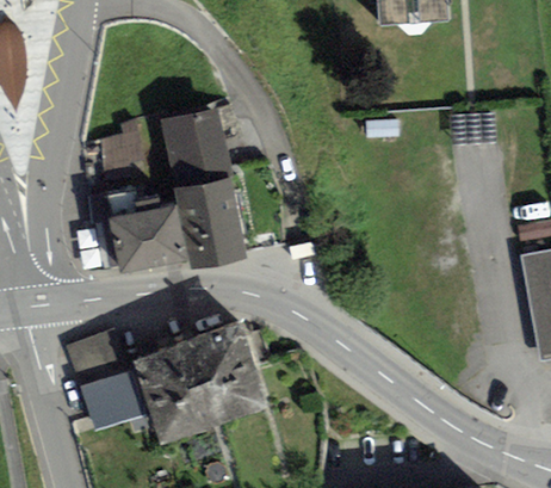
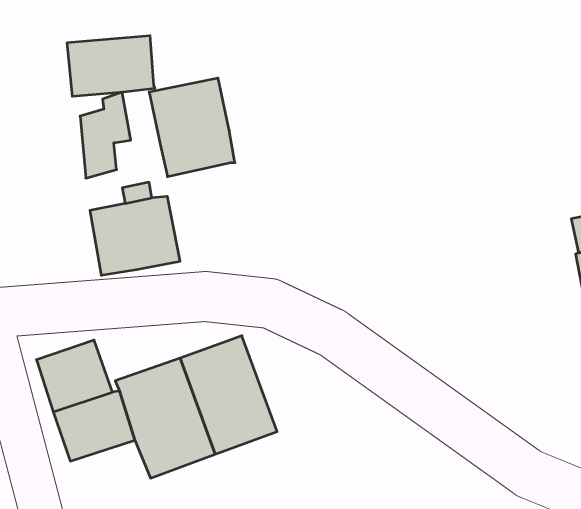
building: none -> [67,36,155,96]
building: [175,178,246,268] -> none

